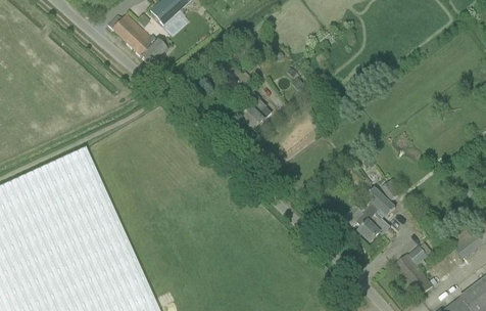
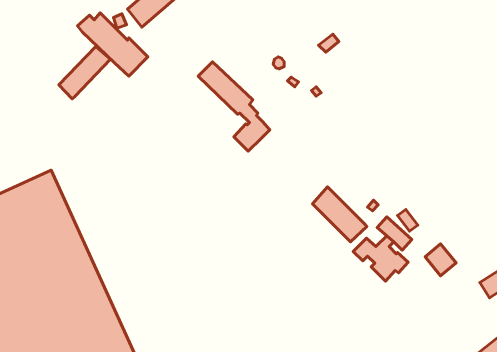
building: none -> [59,46,111,99]
building: none -> [312,187,367,242]
building: [394,253,421,280] -> [425,244,456,276]

